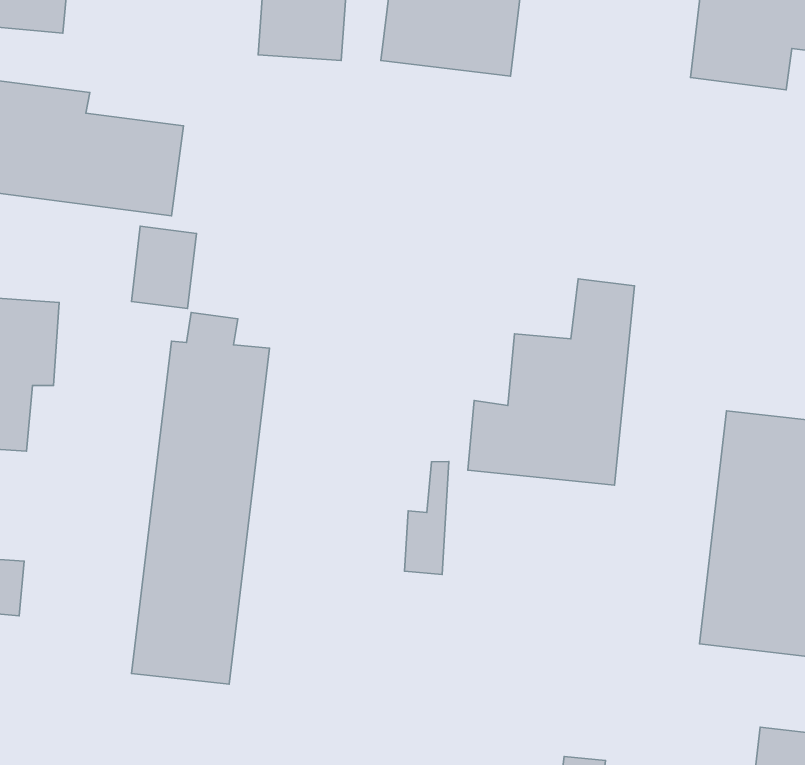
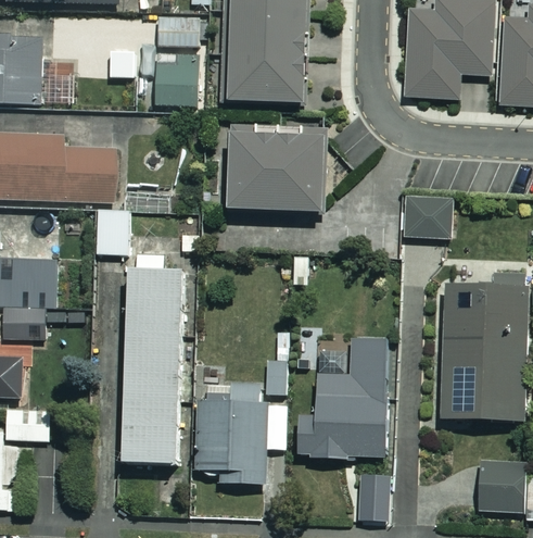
building: none -> [228,121,326,212]
building: none -> [406,196,452,238]
building: [468,279,635,485] -> [299,339,384,455]
building: none -> [196,377,268,484]

